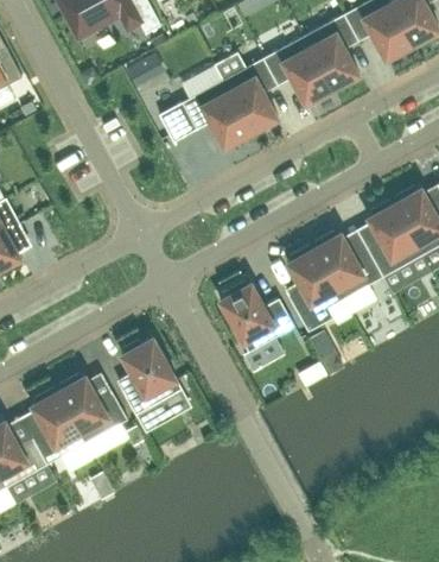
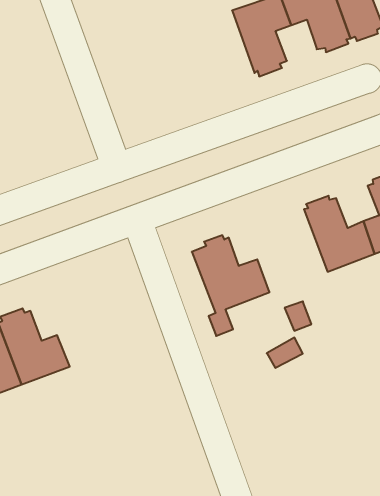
building: [158,80,250,147] -> none
building: [286,245,343,330] -> none
building: [120,336,180,413] -> none

